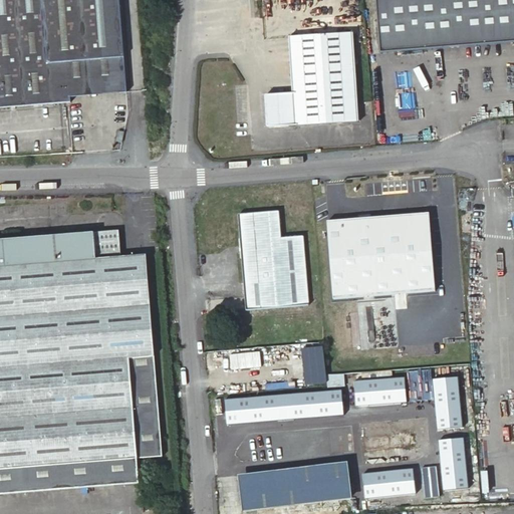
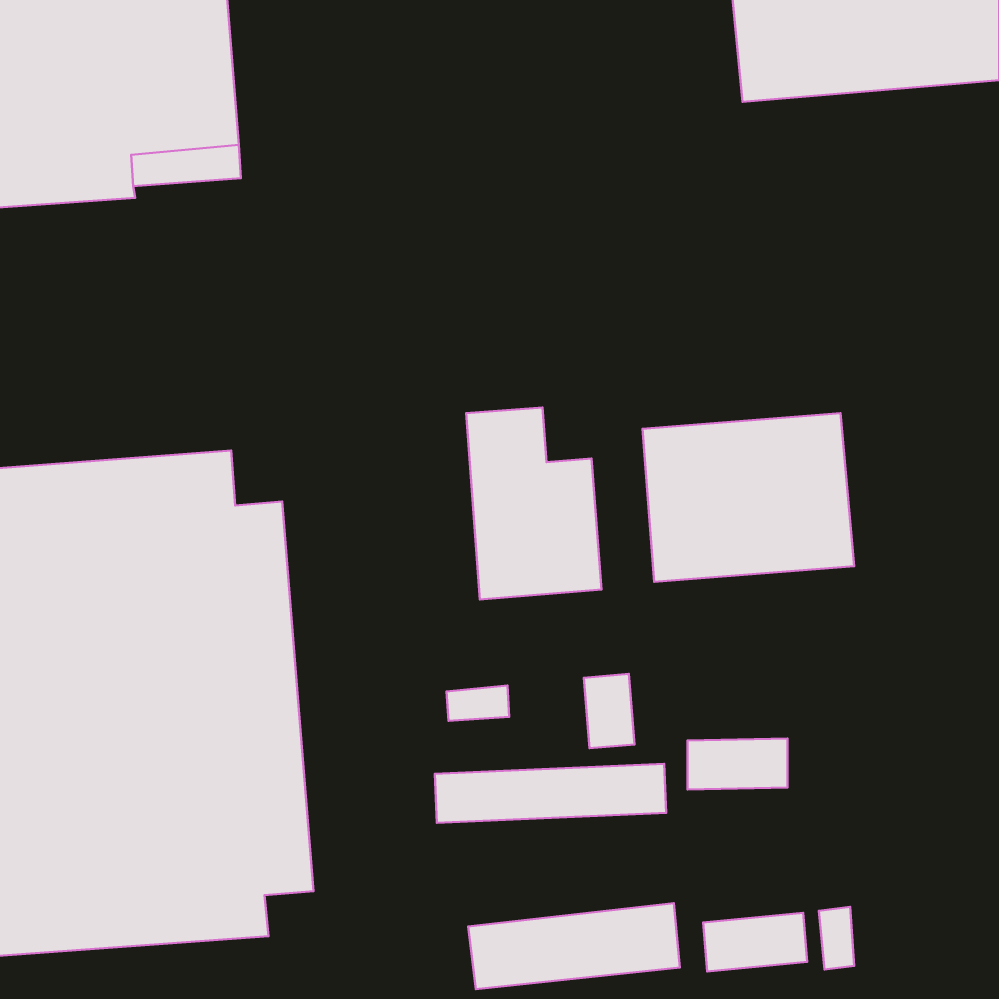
building: [265,33,359,125] -> none
building: [430,376,462,430] -> none
building: [438,438,465,489] -> none

